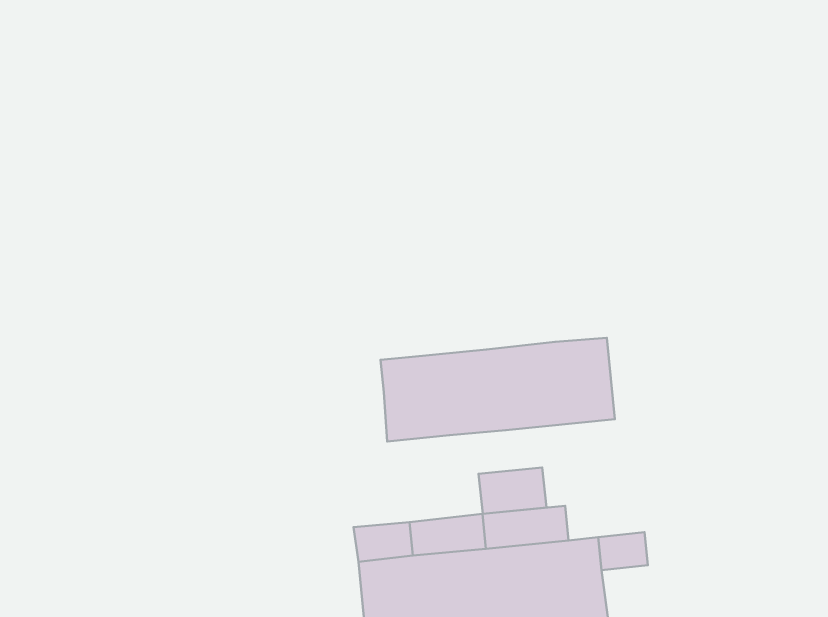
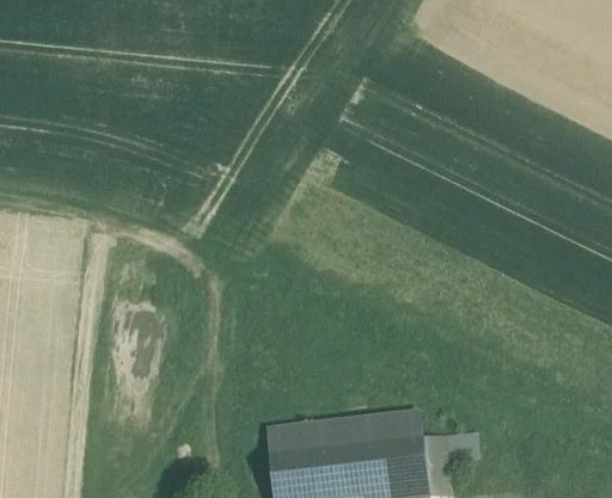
building: [381,338,615,441] -> none
building: [479,468,546,514] -> none

